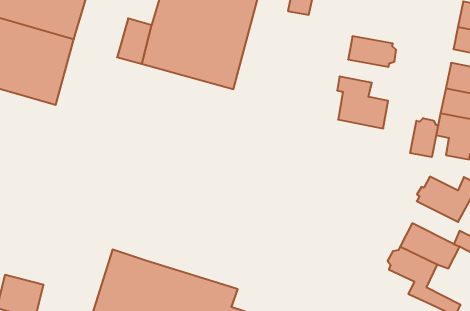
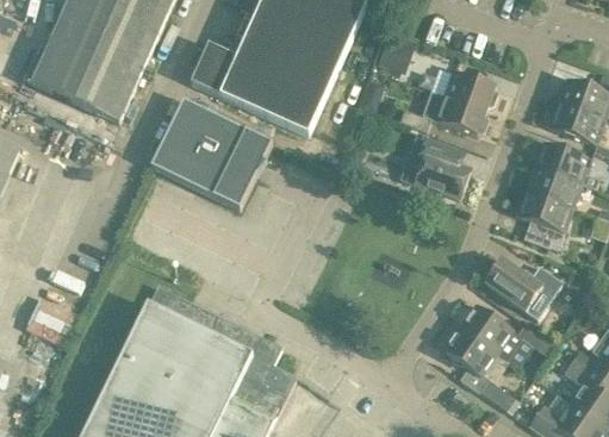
building: none -> [443,70,497,112]
building: none -> [150,100,272,210]
building: [410,118,438,157] -> none

